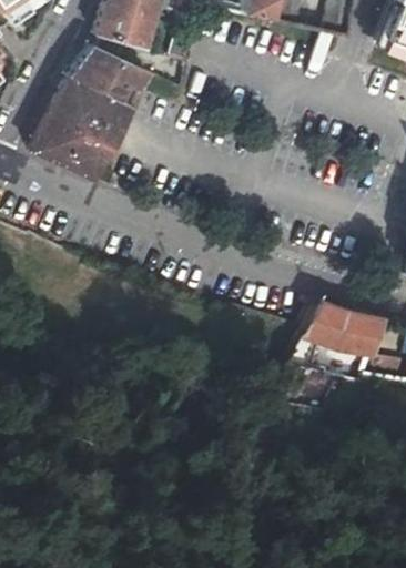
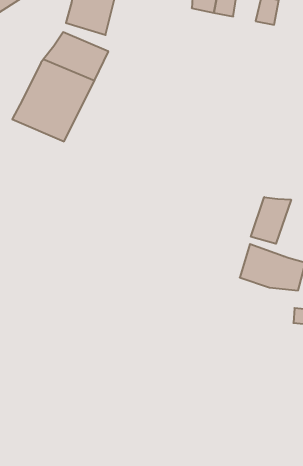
building: none -> [251,197,291,244]

